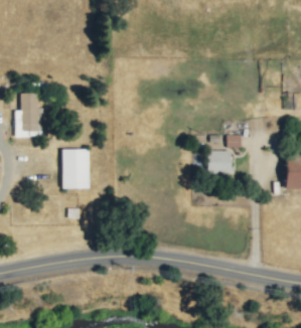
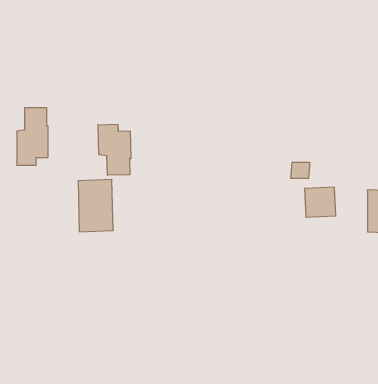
building: none -> [98,124,131,175]
building: [207,150,232,173] -> [304,187,336,217]

